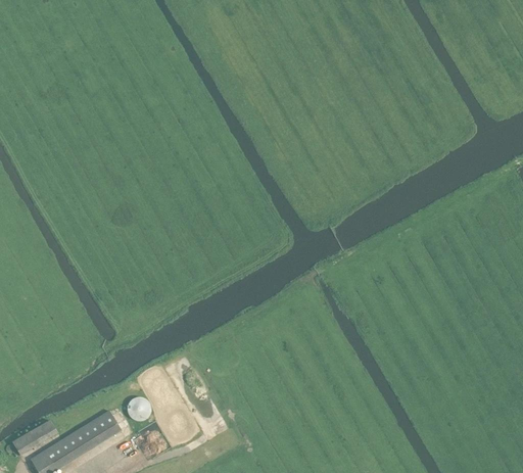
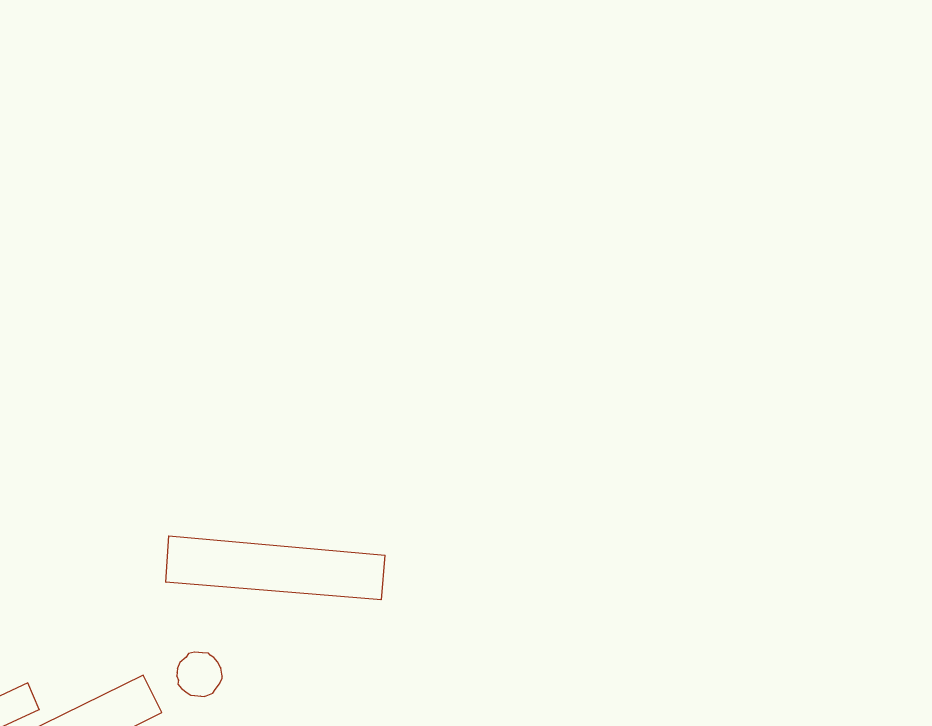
building: none -> [166,536,385,600]

